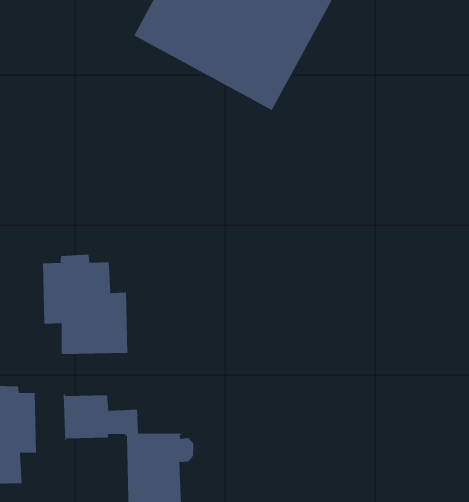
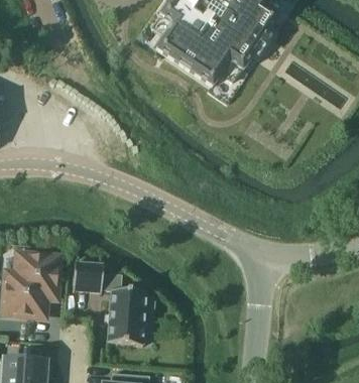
building: [43,254,128,355] -> none

